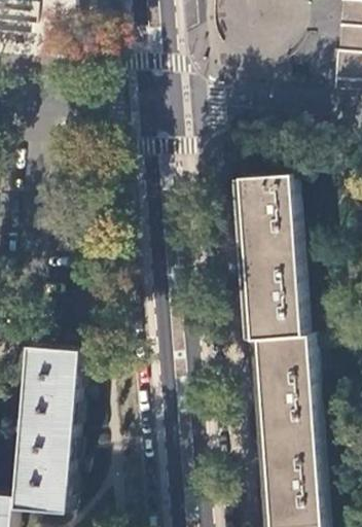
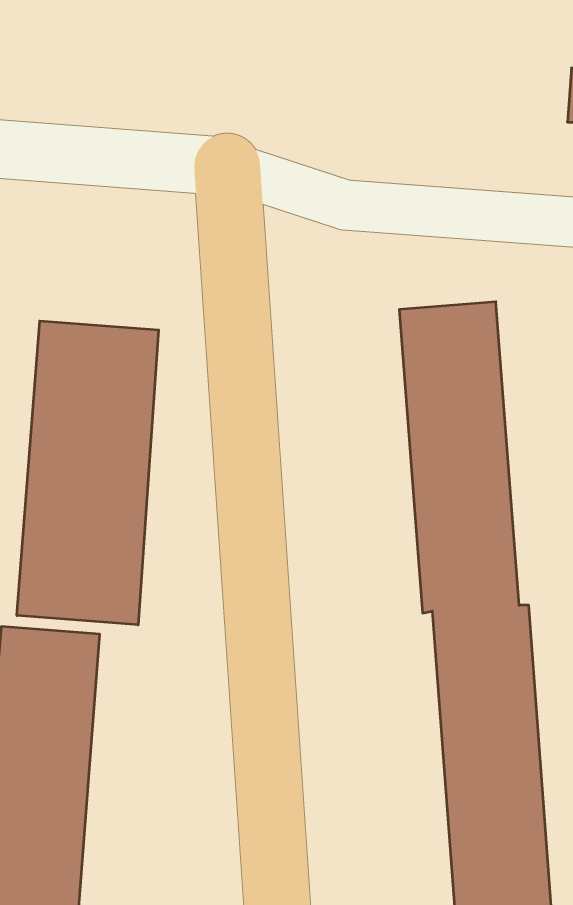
building: none -> [17,321,159,625]

